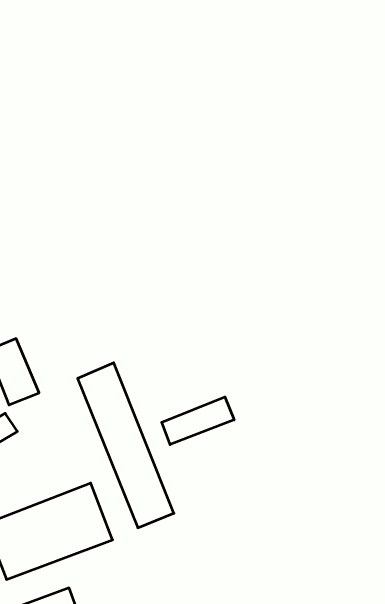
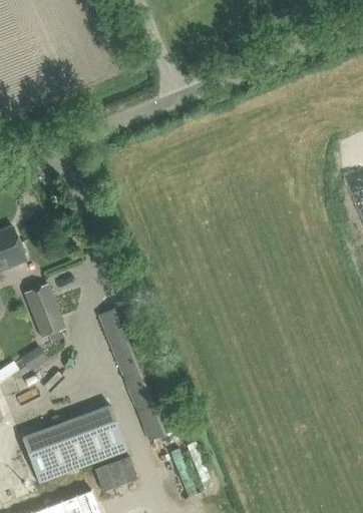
building: [162,397,234,445] -> none
building: none -> [92,455,136,492]

